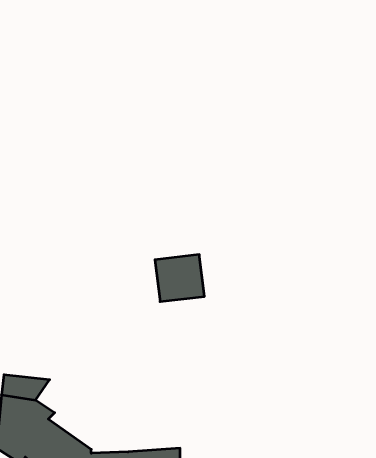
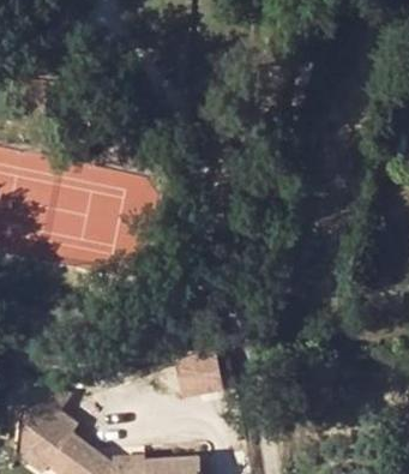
building: [155,255,204,302] -> [175,348,222,392]

